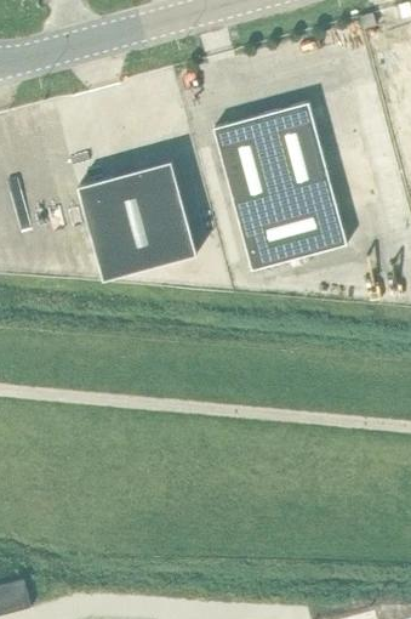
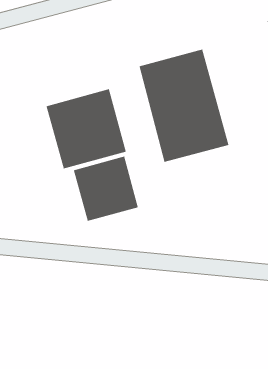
building: none -> [73,156,139,222]

